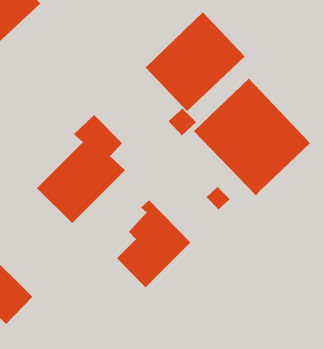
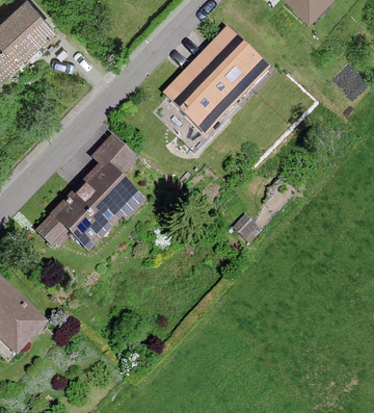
building: [193,78,311,197] -> none
building: [116,200,191,288] -> none

